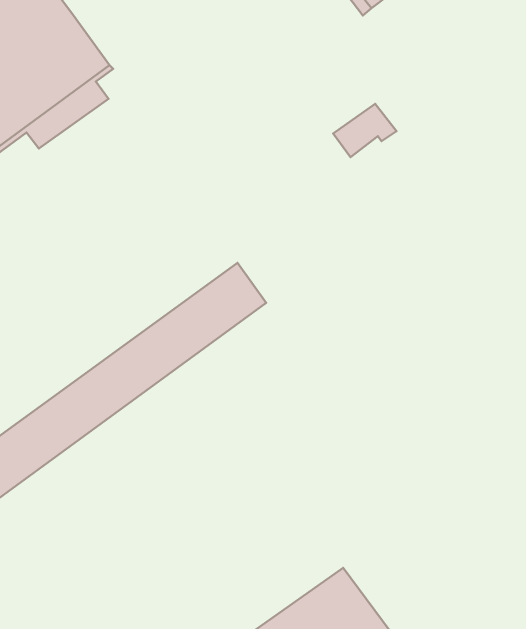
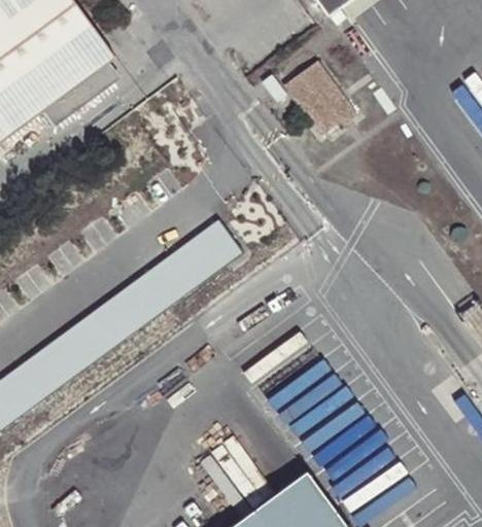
building: none -> [276,56,334,112]

